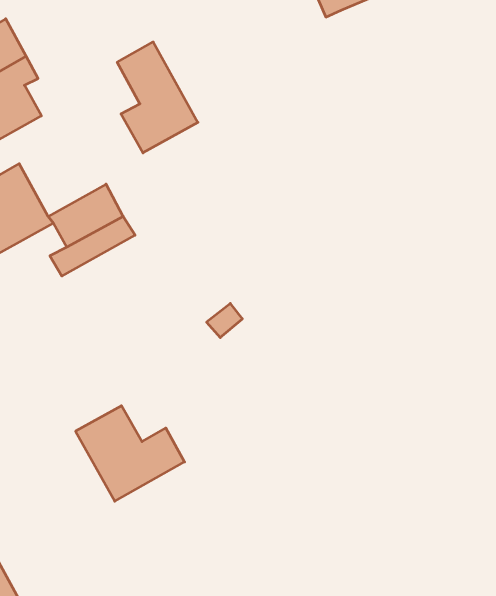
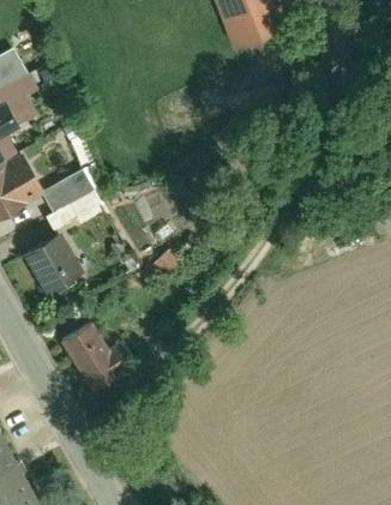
building: [117,42,198,153] -> none
building: none -> [20,233,84,297]

